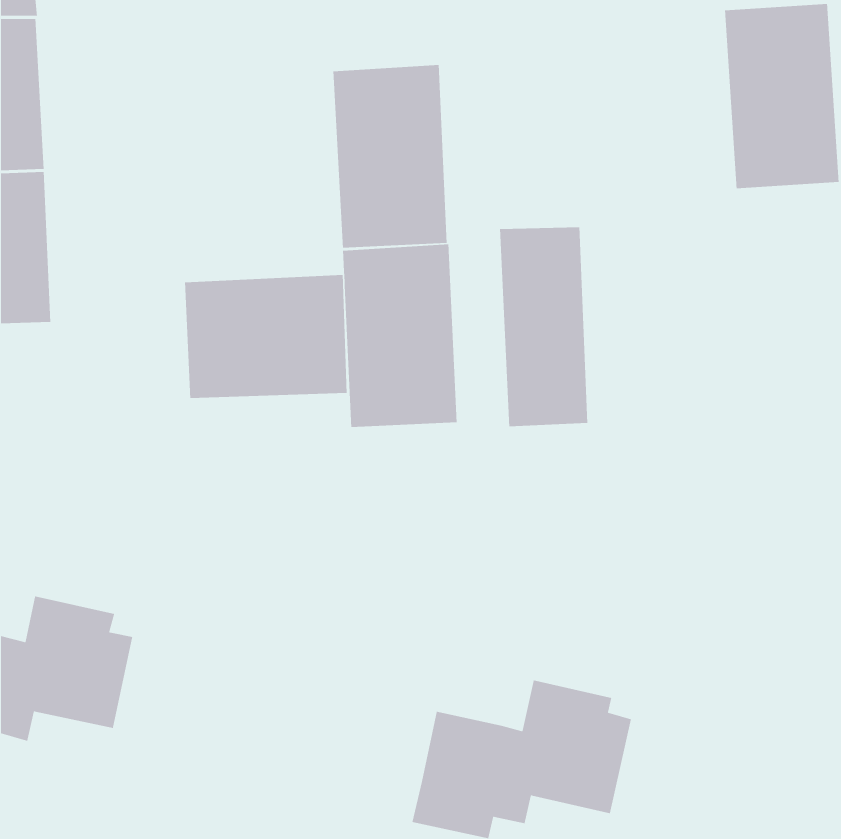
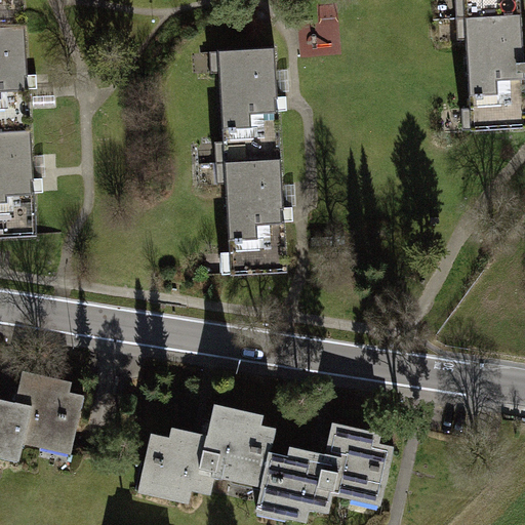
building: [499,227,588,427] -> none
building: [184,274,348,399] -> none
building: none -> [136,404,276,504]

